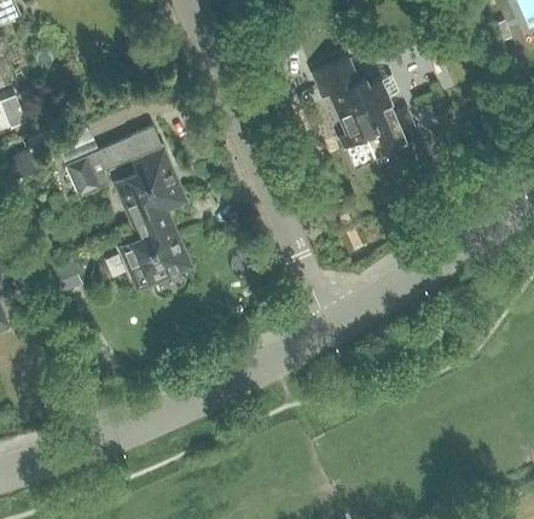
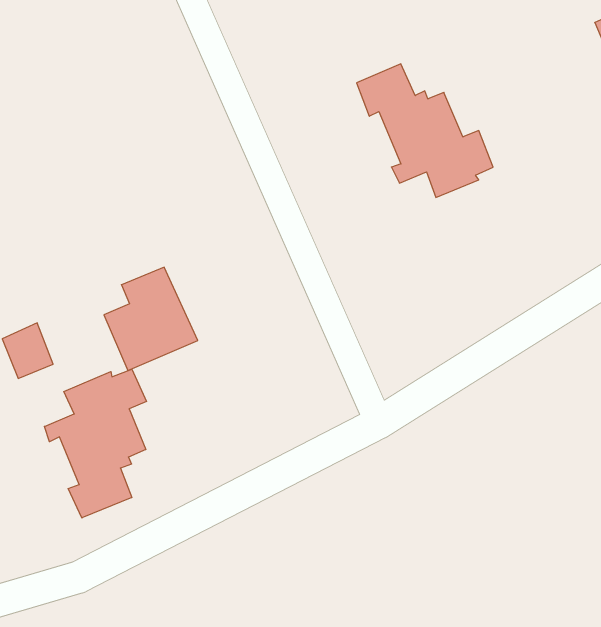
building: [64,127,186,224] -> none
building: none -> [44,369,147,518]

